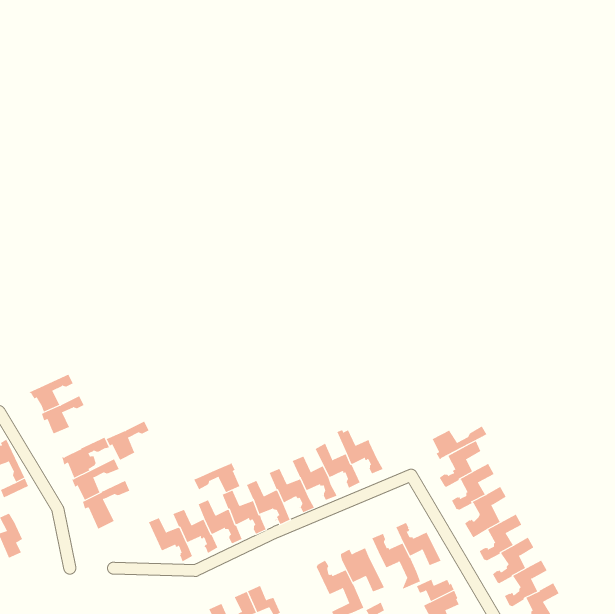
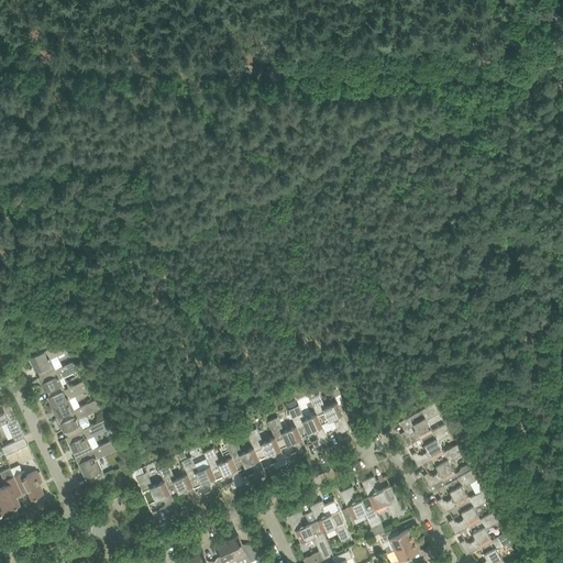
building: [106,421,149,461] -> [46,383,86,419]
building: [432,425,487,460] -> none
building: [193,462,240,493] -> none
building: none -> [13,472,43,500]

